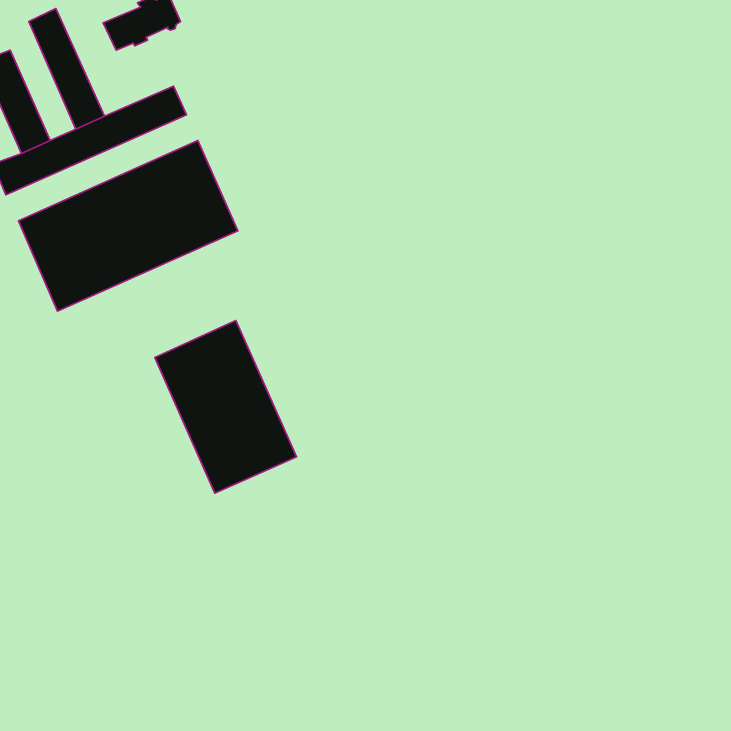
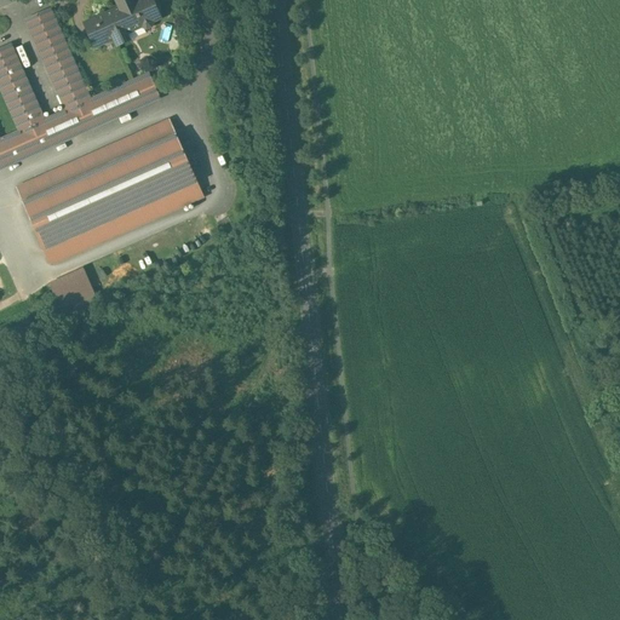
building: none -> [47,266,96,315]
building: [155,320,296,493] -> none

